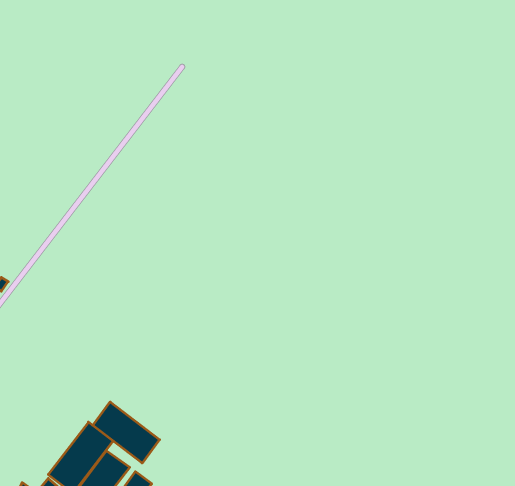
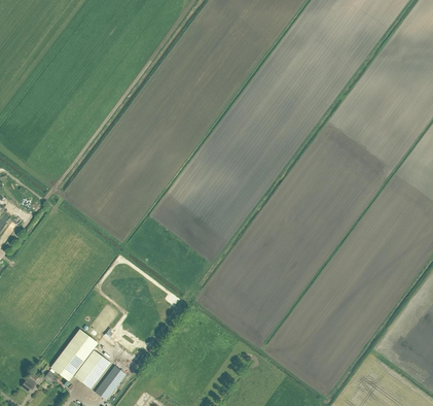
building: [93,402,160,463] -> none

